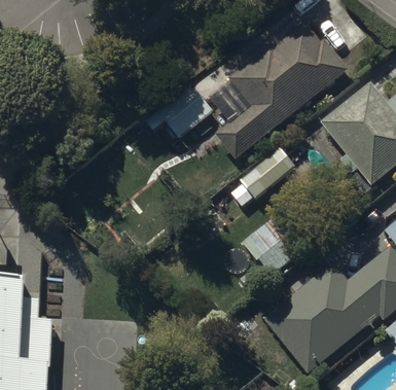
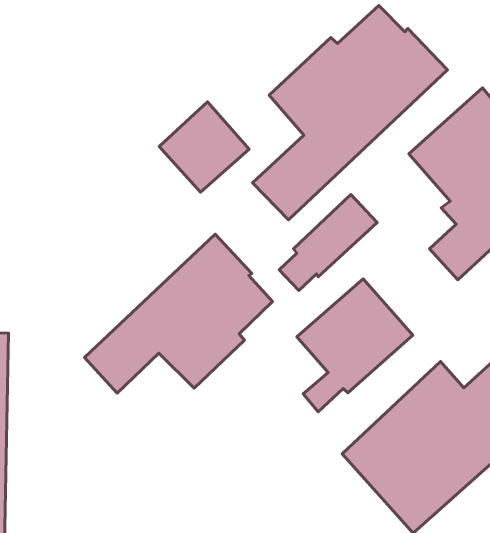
building: none -> [85,234,272,393]

